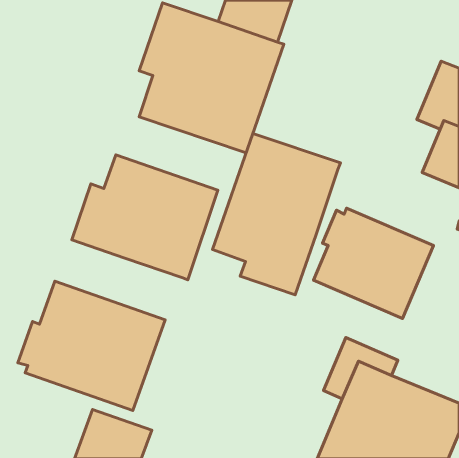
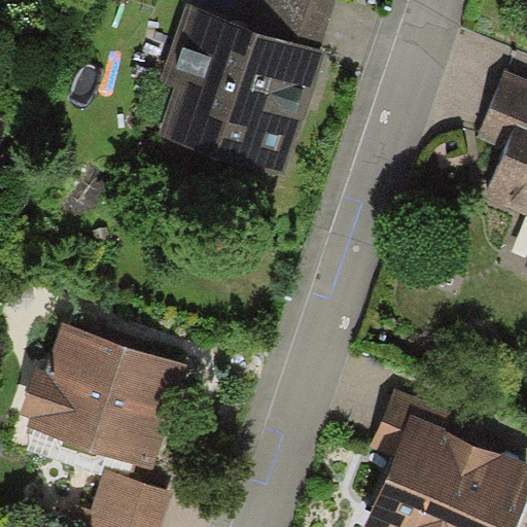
building: [213,134,340,295] -> none
building: [72,155,218,280] -> none
building: [314,208,433,318] -> none

